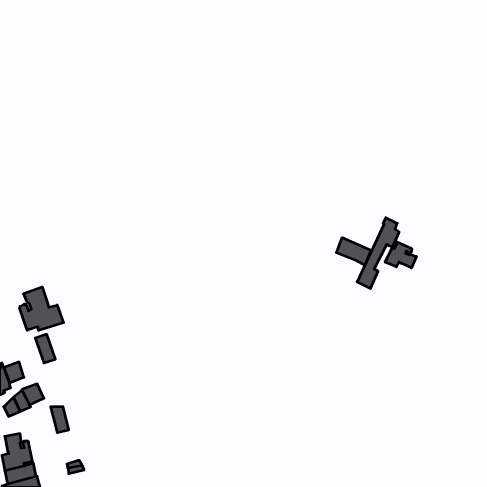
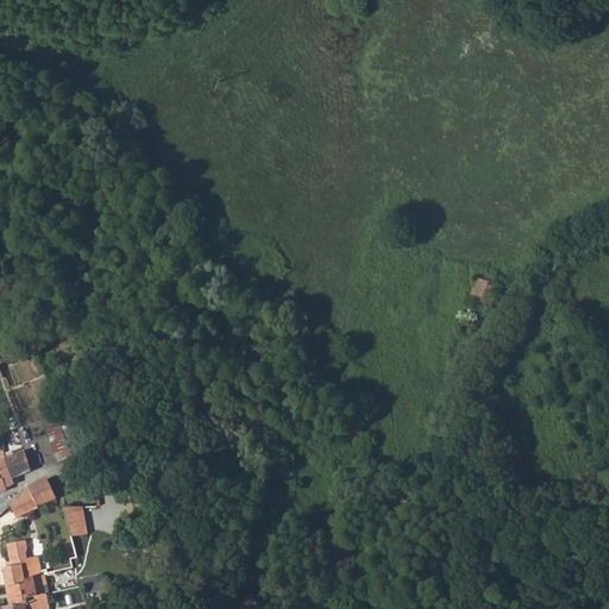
building: [336,238,371,265] -> none
building: [385,242,416,268] -> none
building: [20,287,64,330] -> none

